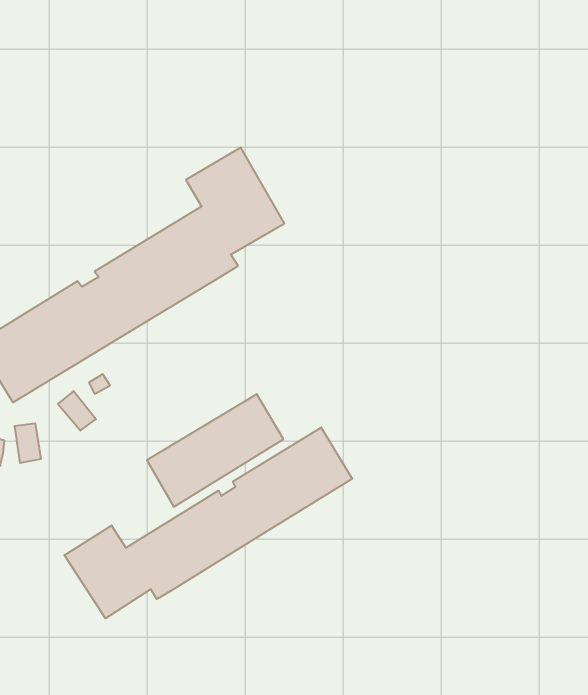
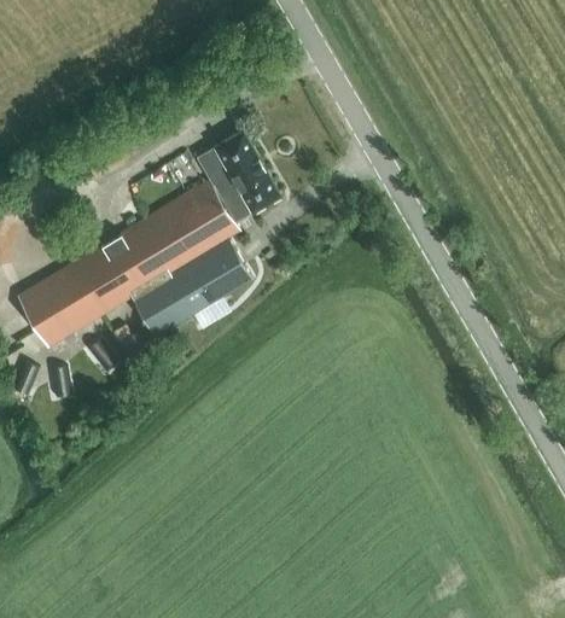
building: [147,394,283,507] -> [132,240,249,337]
building: [64,427,352,618] -> none

